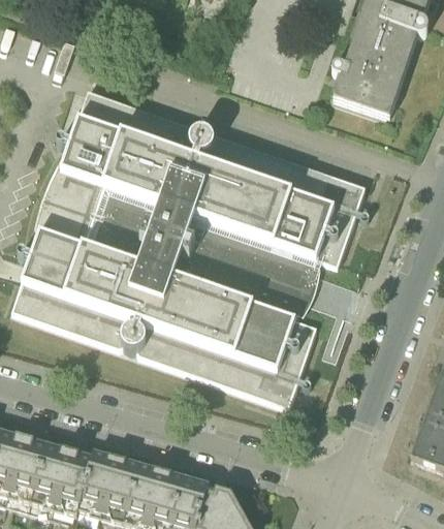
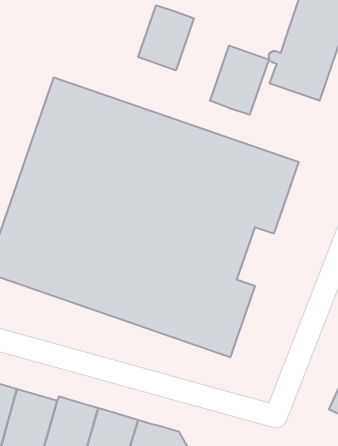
building: none -> [138,5,194,70]
building: none -> [210,46,269,115]

